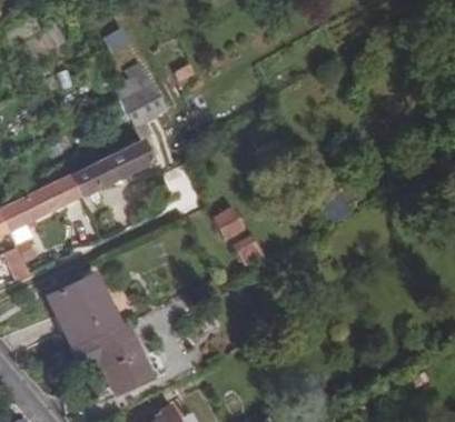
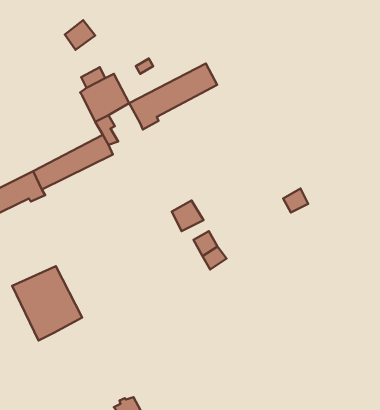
building: none -> [129,63,217,129]
building: [75,322,155,394] -> none

